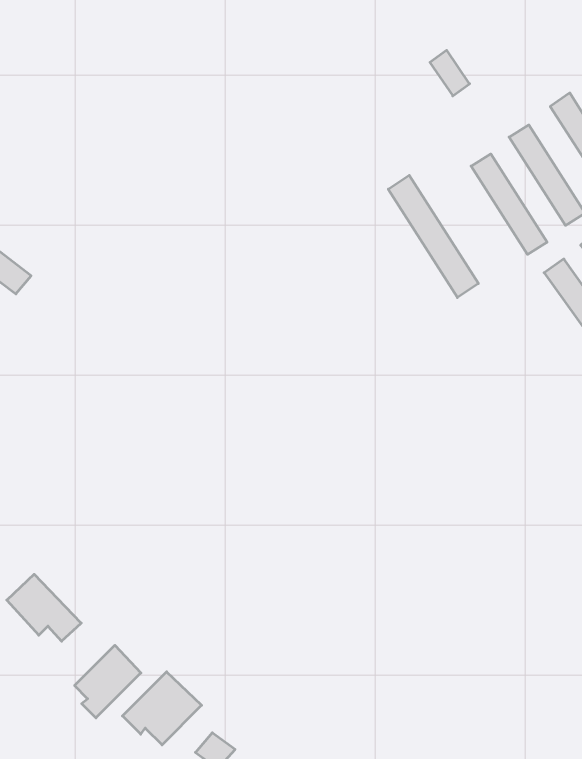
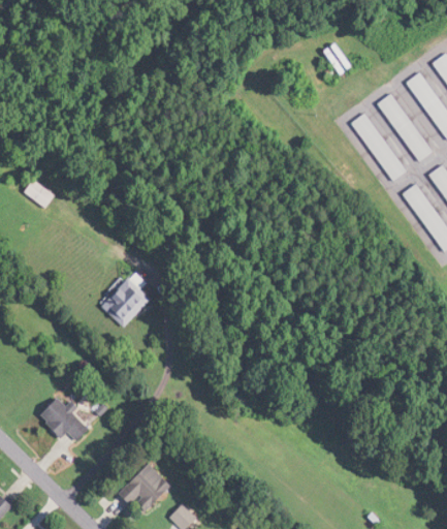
building: [388,175,478,298] -> none
building: none -> [100,277,152,328]
building: [75,645,141,718] -> none

